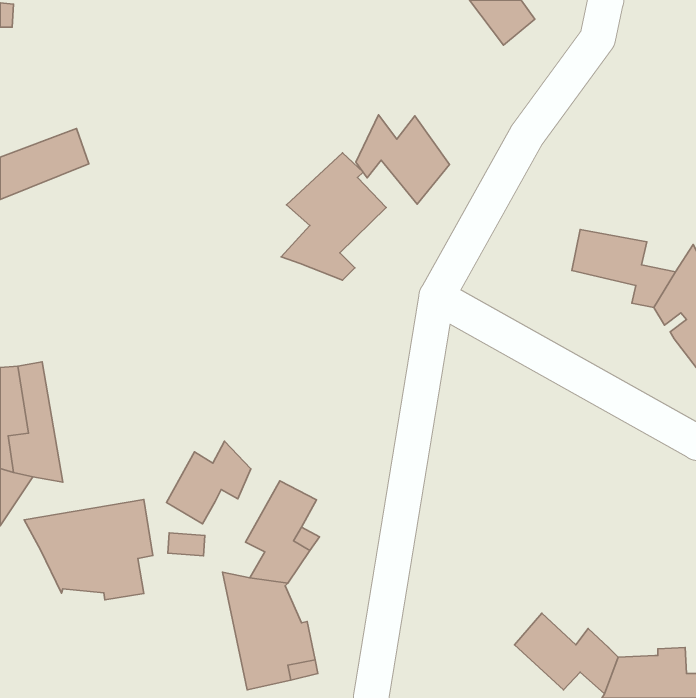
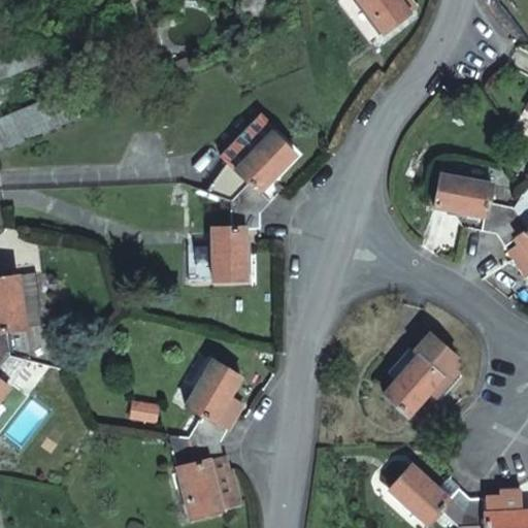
building: [356,115,450,204] -> none
building: none -> [209,199,261,278]
building: none -> [381,331,462,416]
building: [166,441,251,524] -> none
building: [24,499,153,600] -> none

